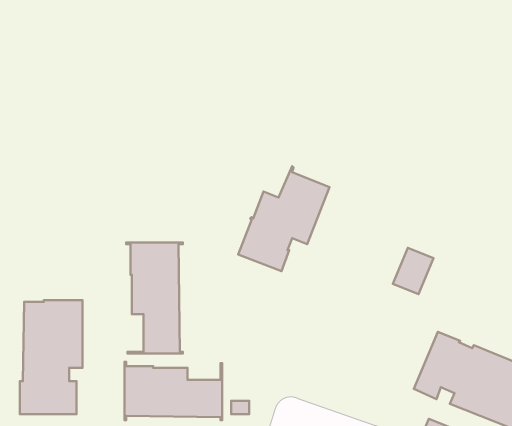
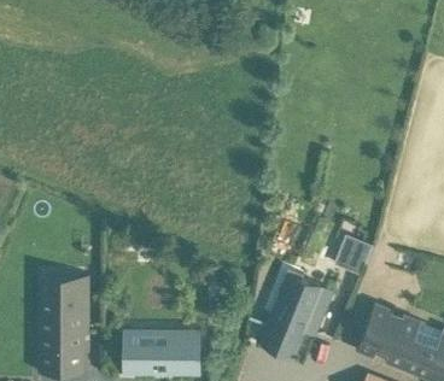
building: [238,166,330,271] -> [258,274,332,358]
building: [126,242,183,353] -> none

